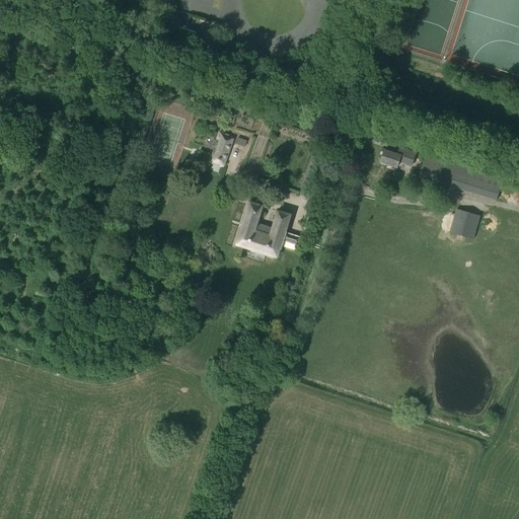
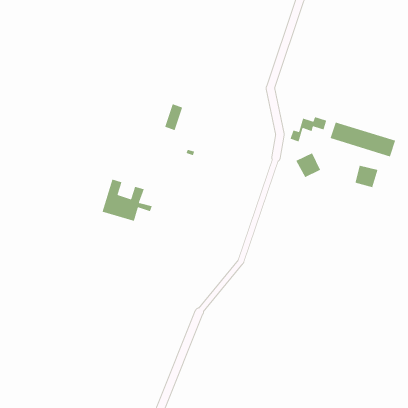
building: none -> [295,152,321,178]
building: [235,202,300,256] -> [102,179,153,222]

